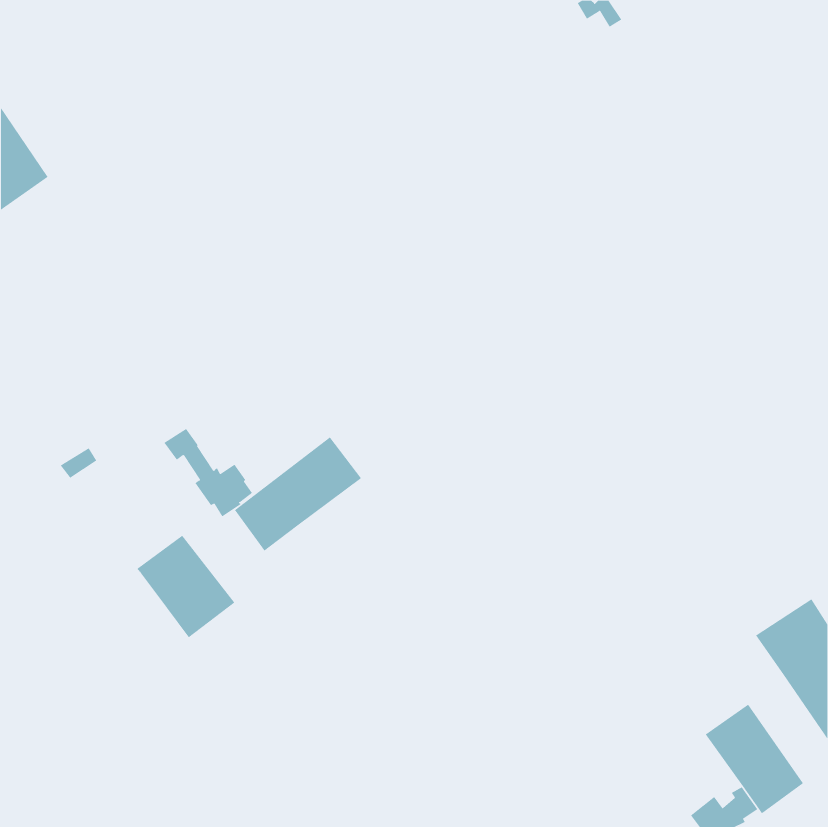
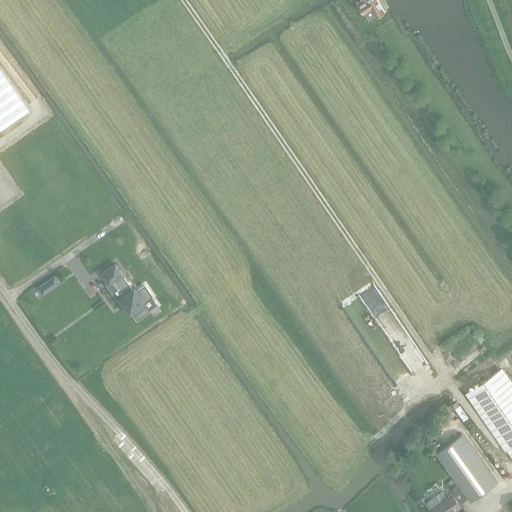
building: [234,437,362,552] -> none
building: [137,535,235,638] -> none

